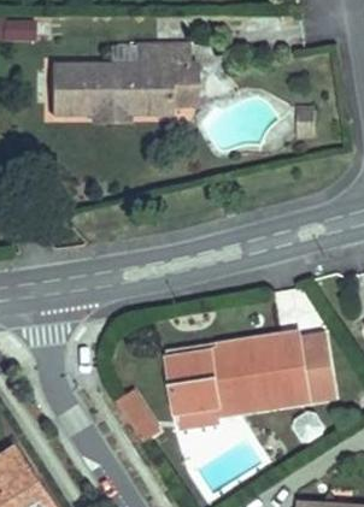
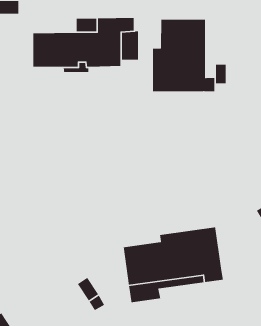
building: none -> [152,19,215,92]
building: [301,325,334,389] -> none

